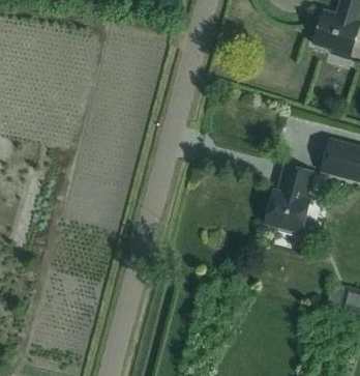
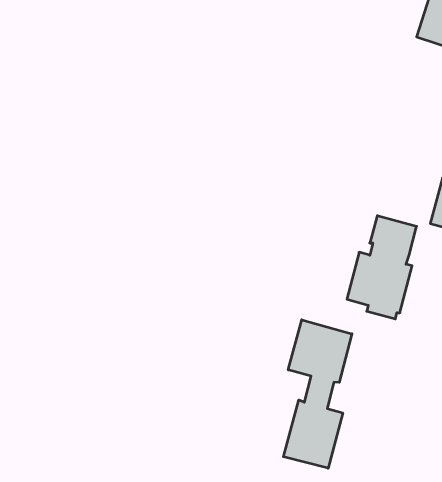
building: none -> [283,320,352,468]

